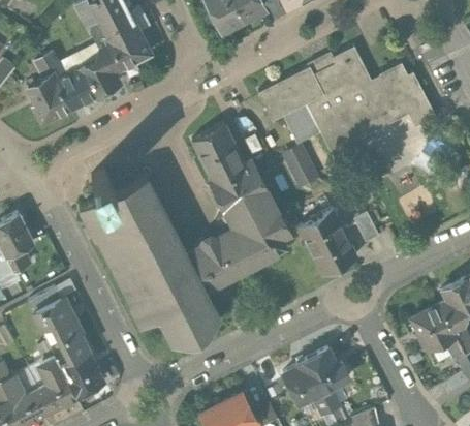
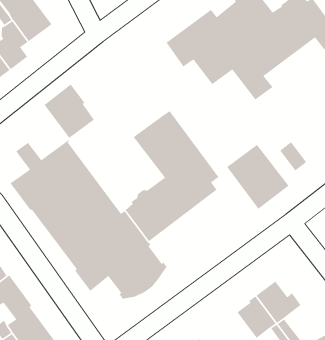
building: [193,125,242,180] -> [44,84,95,139]
building: [283,141,323,186] -> none

